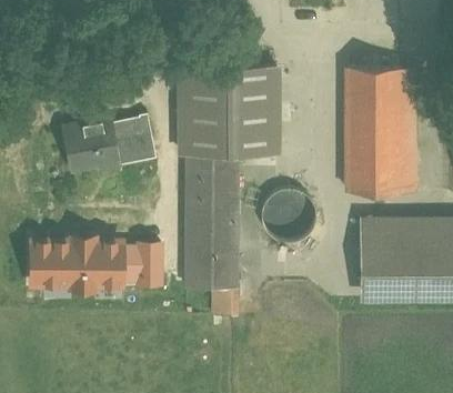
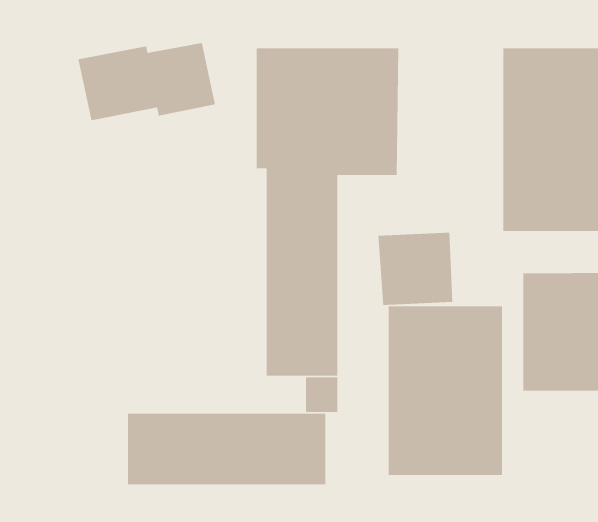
building: [62,118,155,171] -> [78,42,216,121]
building: [29,240,163,289] -> [127,413,326,485]
building: none -> [388,306,503,476]

